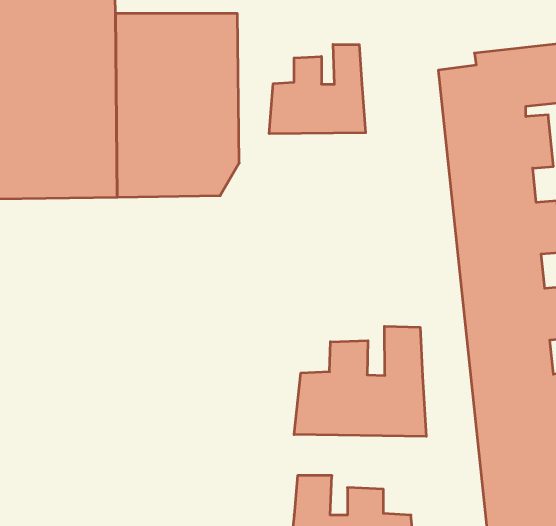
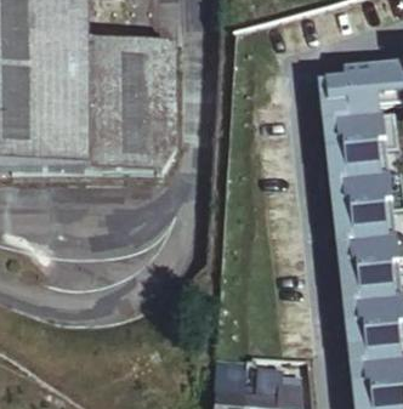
building: [269,44,366,134] -> none
building: [294,326,426,436] -> none

